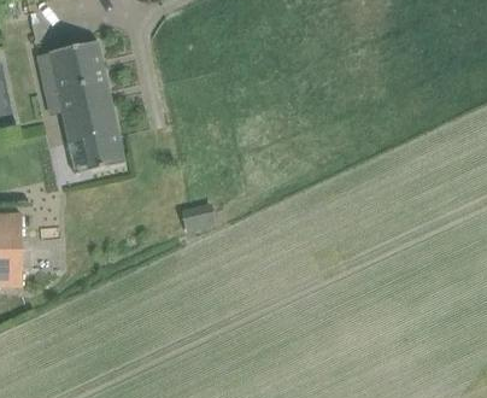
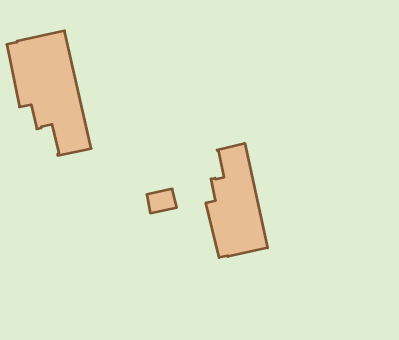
building: none -> [206,143,268,258]

